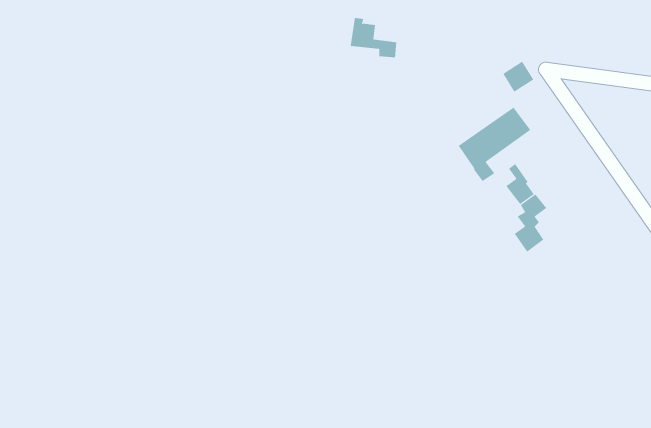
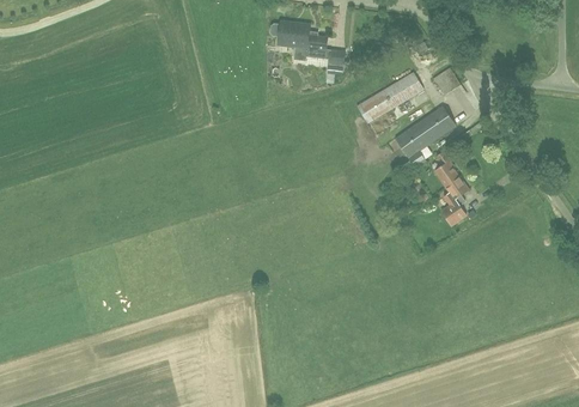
building: none -> [270,23,310,55]
building: none -> [356,72,422,123]

